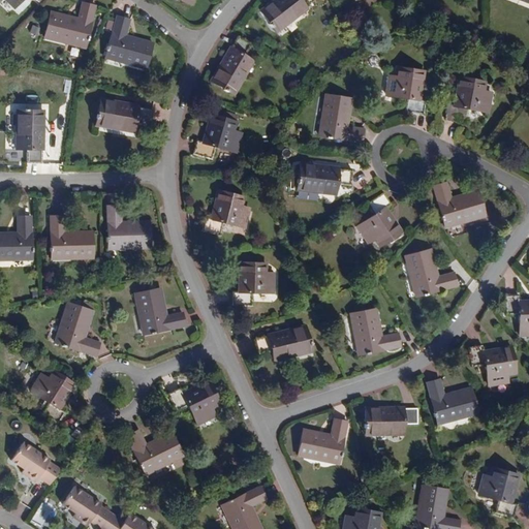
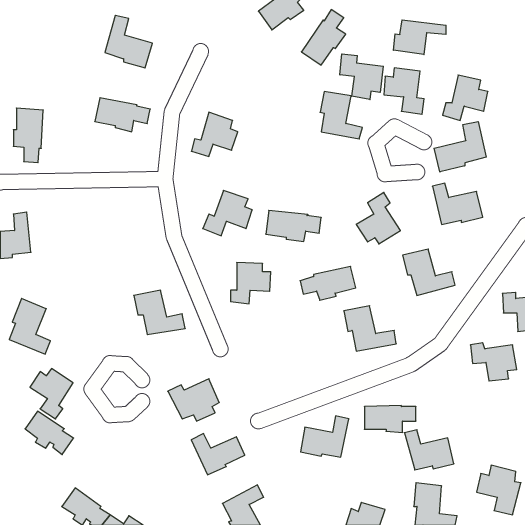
building: [41,5,94,48] -> none
building: none -> [393,20,446,55]
building: [209,36,253,92] -> [301,10,346,65]
building: none -> [340,54,383,100]
building: none -> [434,122,486,172]
building: [297,162,352,193] -> [266,210,321,241]
building: [107,205,151,245] -> none
building: [50,215,93,254] -> none
building: [59,298,100,353] -> [9,298,50,354]
building: [254,325,310,360] -> [300,266,356,300]
building: [427,379,476,419] -> [404,430,454,470]
building: [126,430,180,471] -> [191,434,245,475]
building: [12,445,61,489] -> [25,411,74,455]

